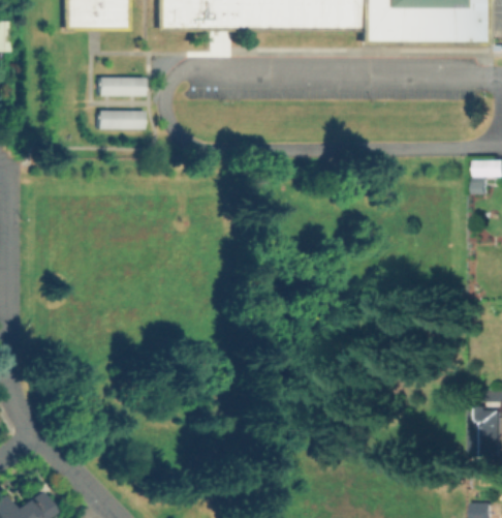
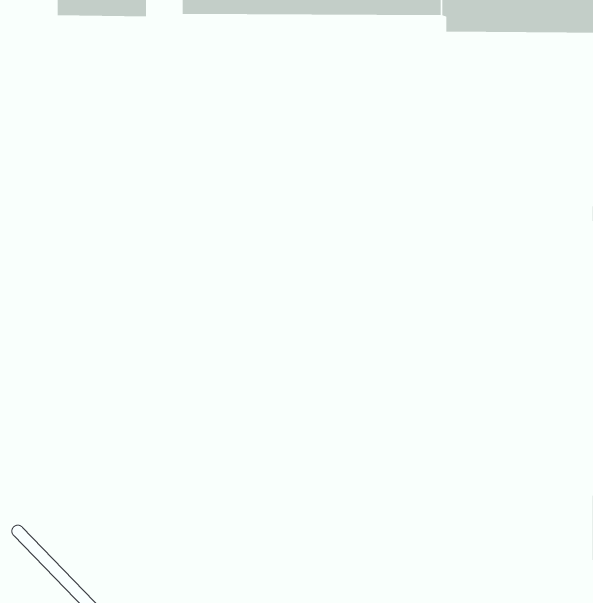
building: [99,72,147,92] -> none
building: [98,103,149,123] -> none

